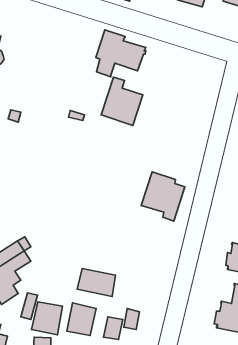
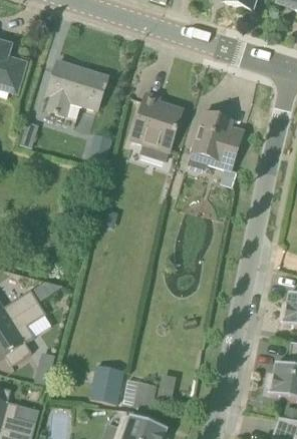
building: [96,30,146,77] -> [46,60,106,116]
building: [141,172,185,221] -> [191,111,243,170]
building: [77,269,115,297] -> none
building: [32,302,62,335] -> none

